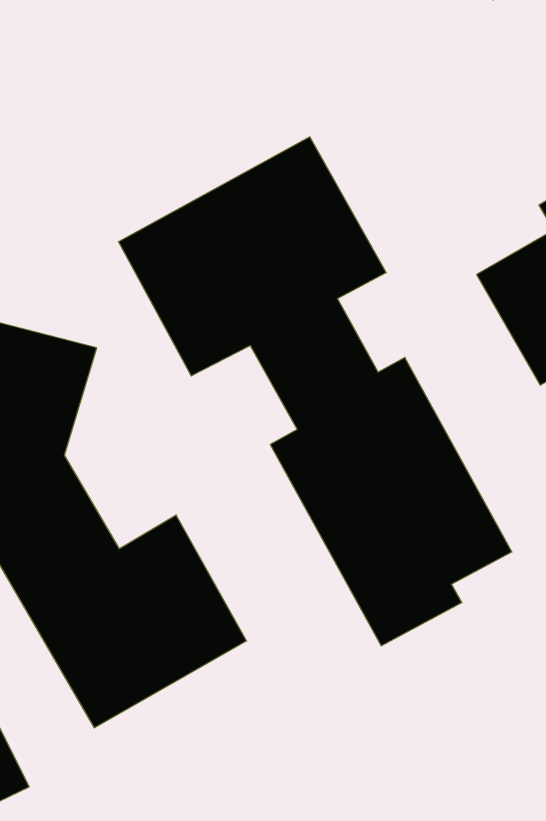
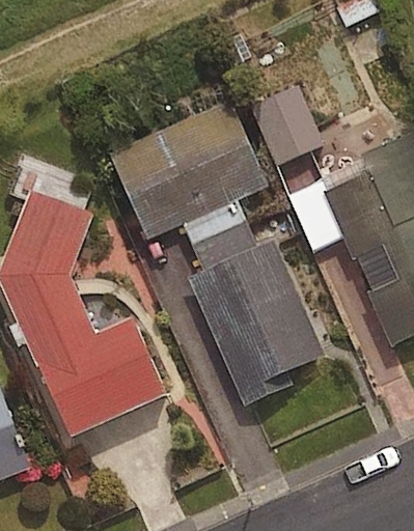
building: none -> [250,90,322,170]

